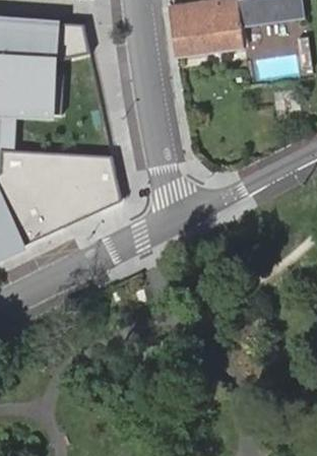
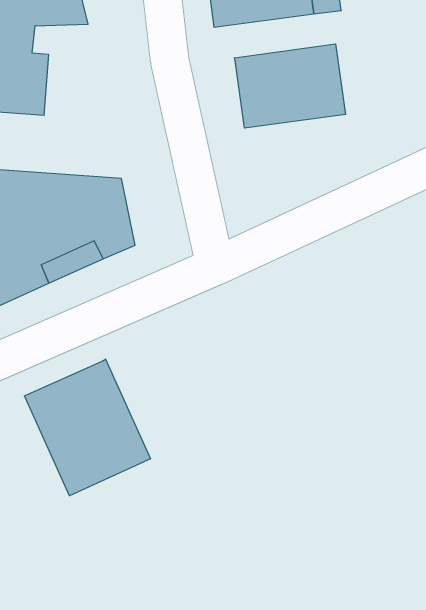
building: none -> [234,44,346,128]
building: none -> [25,359,150,496]

